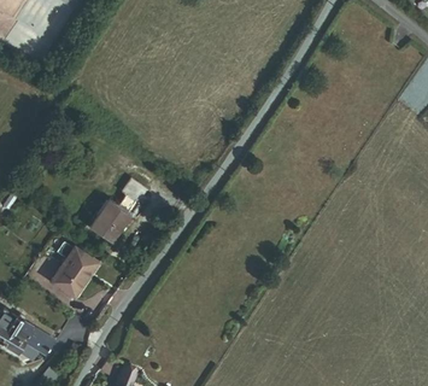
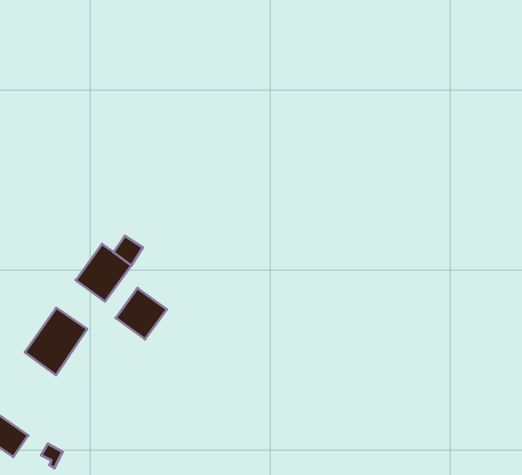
building: none -> [116,288,167,339]

